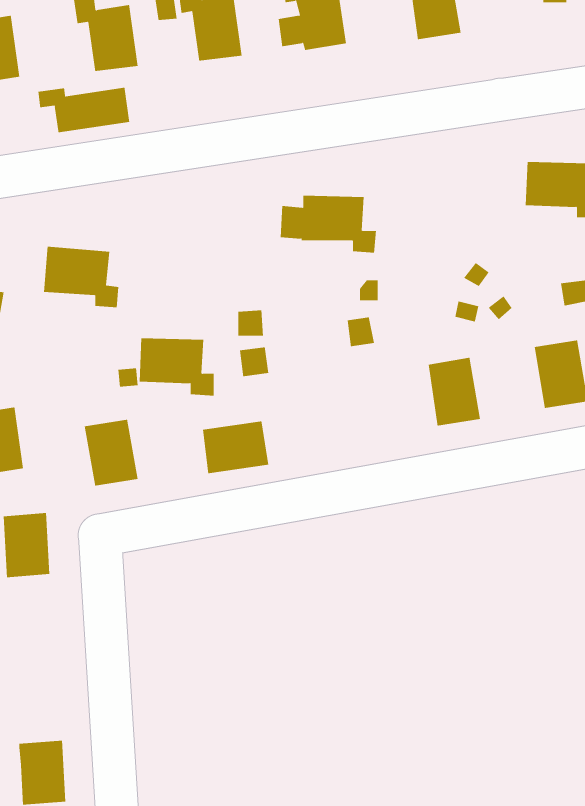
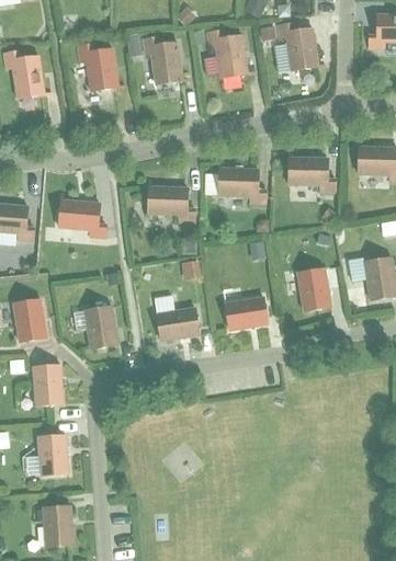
building: [38,87,130,133] -> none
building: none -> [288,157,335,192]
building: [139,338,215,396] -> [147,185,194,221]
building: none -> [225,296,268,329]
building: none -> [37,434,68,474]

